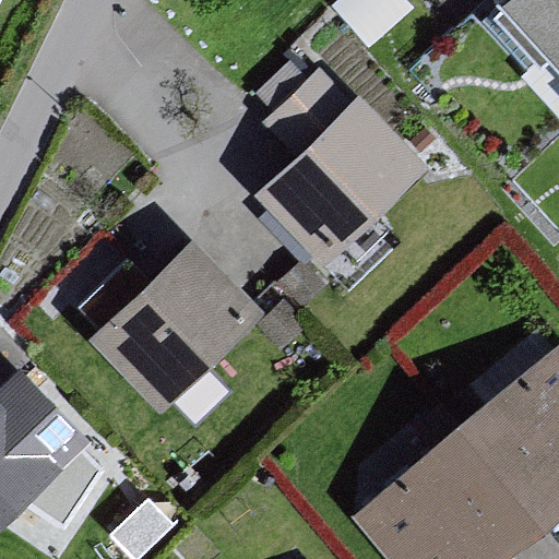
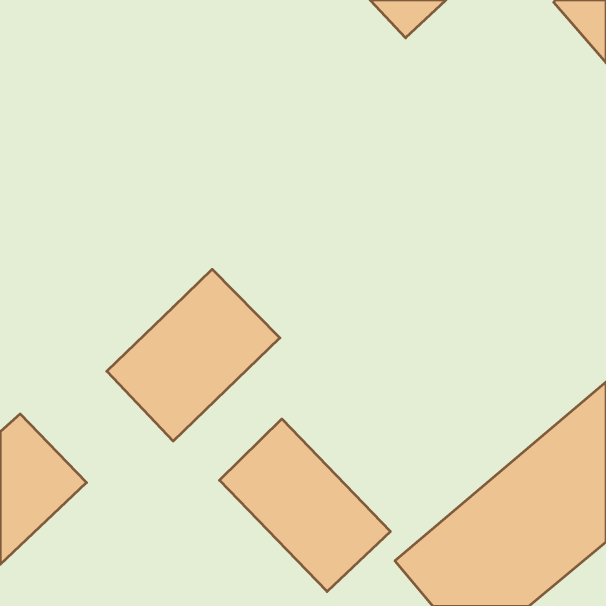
building: [263,67,425,259] -> none
building: none -> [219,419,390,592]

